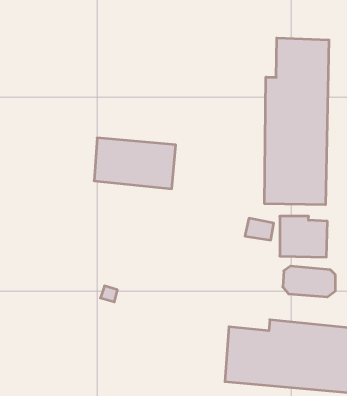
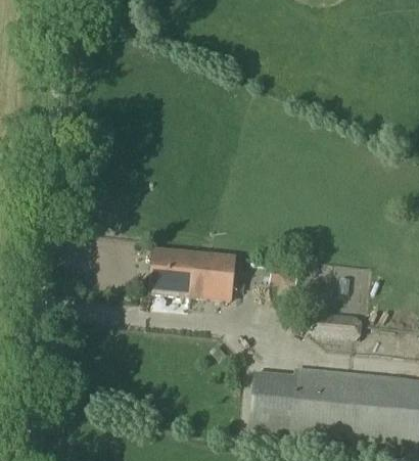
building: [265,38,329,205] -> none
building: [94,138,176,189] -> [153,247,237,299]

